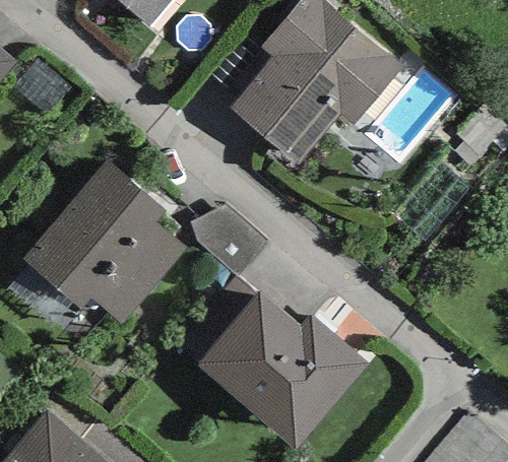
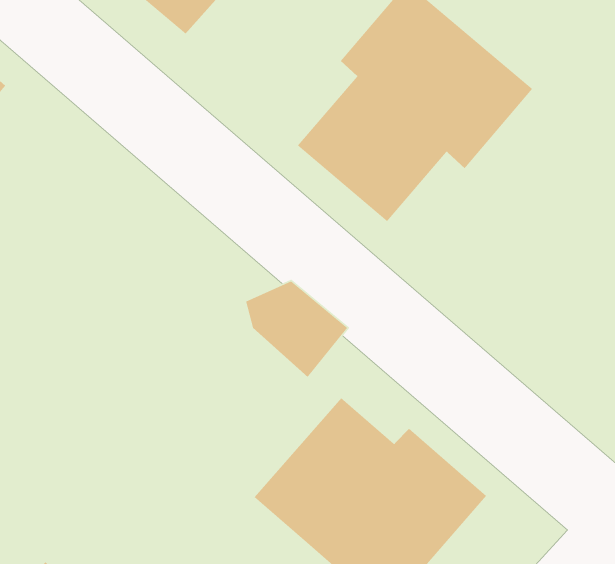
building: [23,157,188,324] -> none

